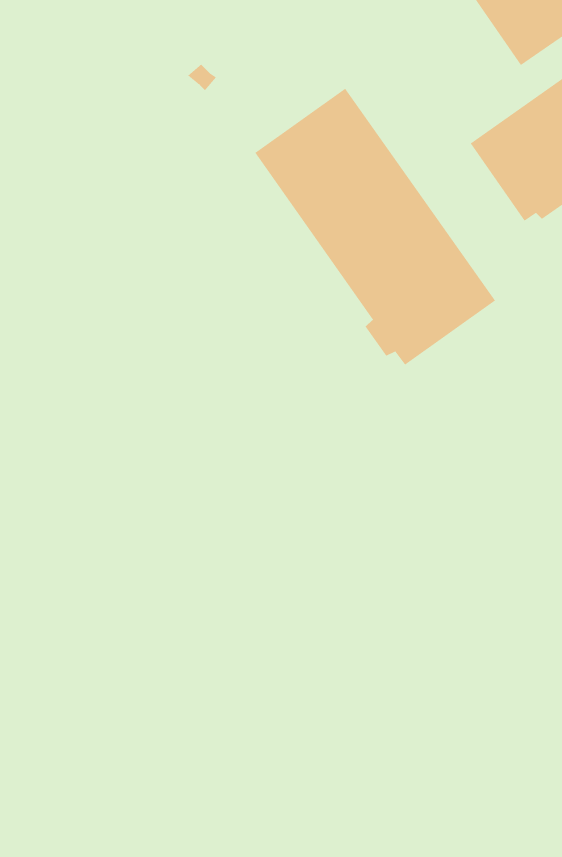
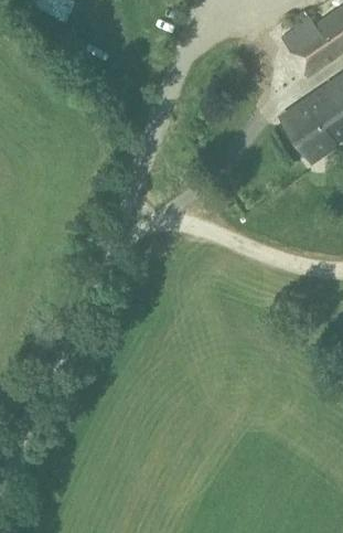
building: [254,88,496,366] -> none

